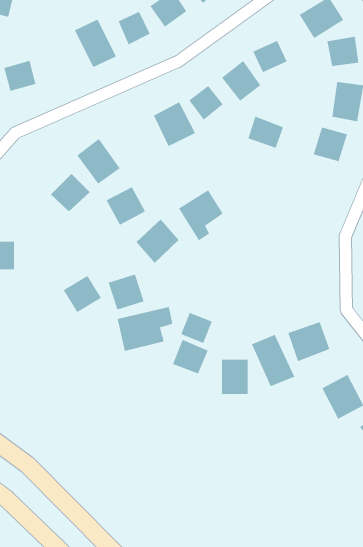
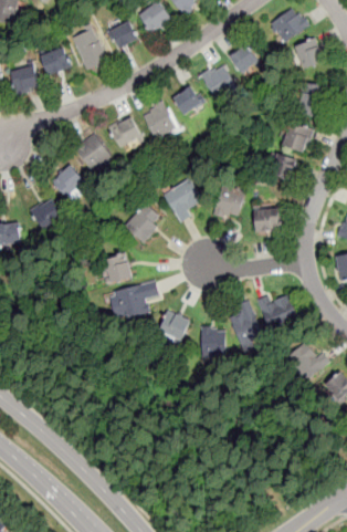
building: none -> [40,46,71,75]
building: [247,116,284,149] -> [265,150,297,179]
building: [106,186,146,225] -> [106,114,141,148]
building: none -> [211,182,245,220]
building: none -> [254,208,278,230]
building: [63,275,102,313] -> [30,197,64,230]
building: [181,312,212,344] -> none

